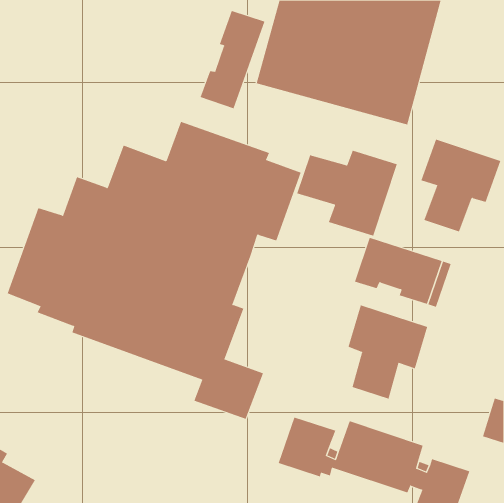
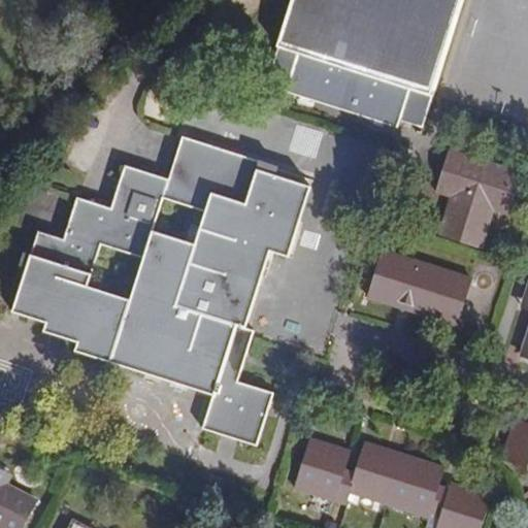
building: [200,10,265,109] -> none
building: [296,150,398,236] -> none
building: [348,305,428,399] -> none

